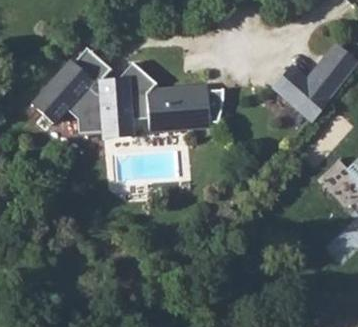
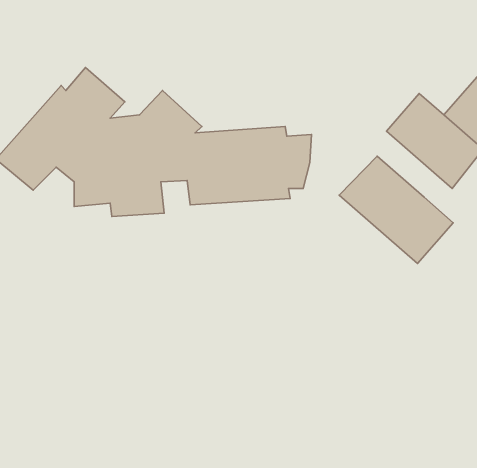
building: none -> [339,156,453,264]

